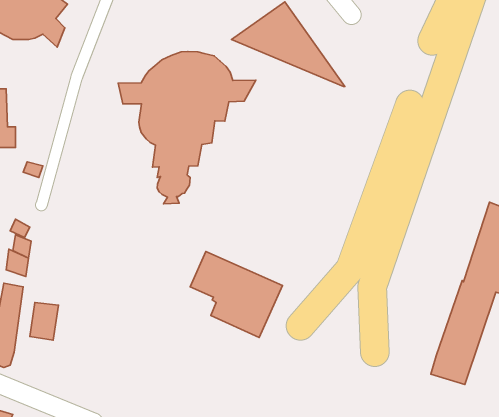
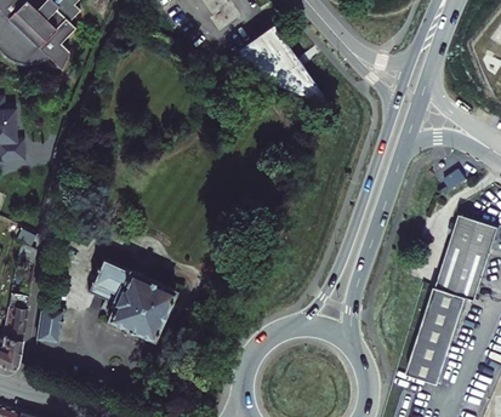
building: [118,52,256,204] -> none
building: [190,252,282,338] -> [89,258,175,338]

